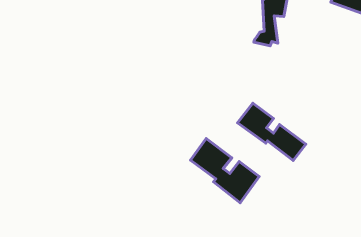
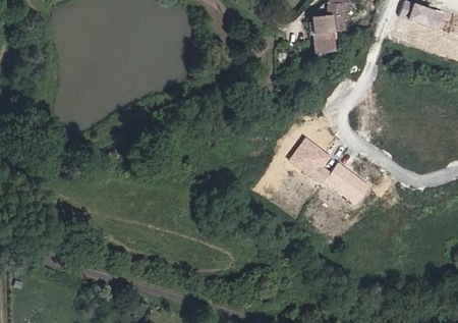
building: [190,138,259,203] -> none

